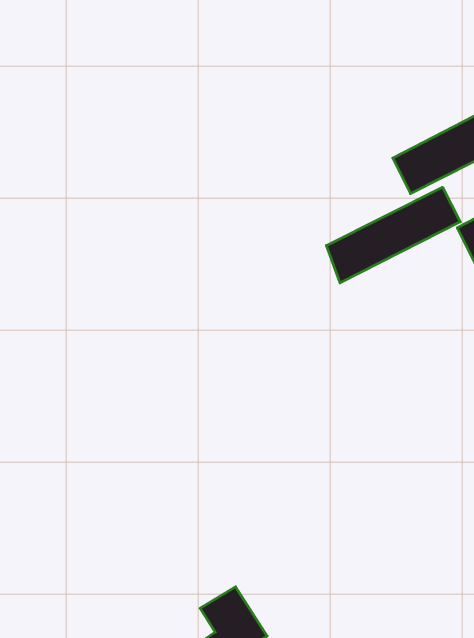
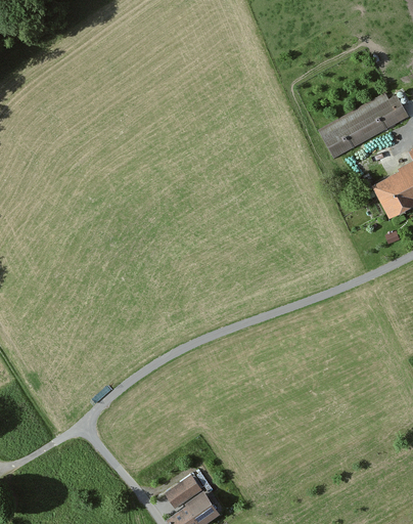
building: [326,187,460,283] -> none

